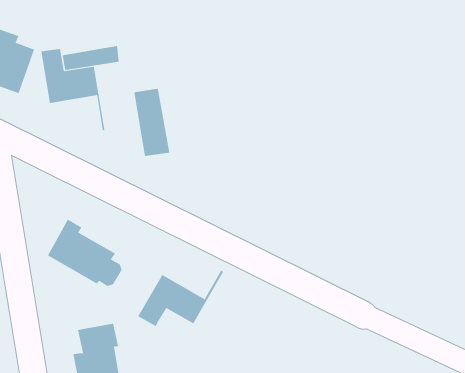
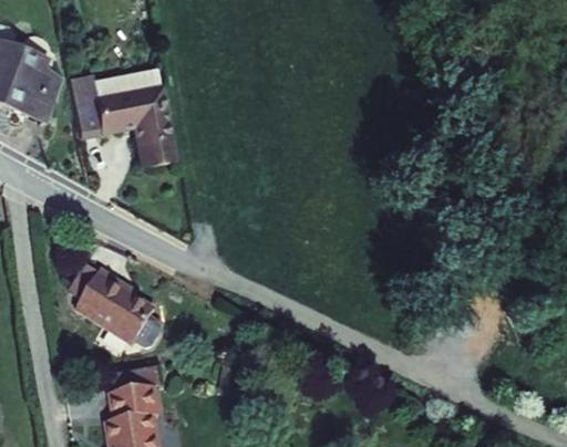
building: [134,88,170,157] -> [131,86,173,165]
building: [138,270,224,327] -> none

